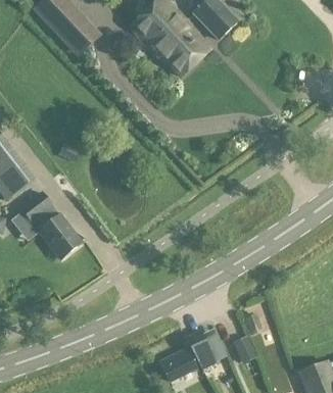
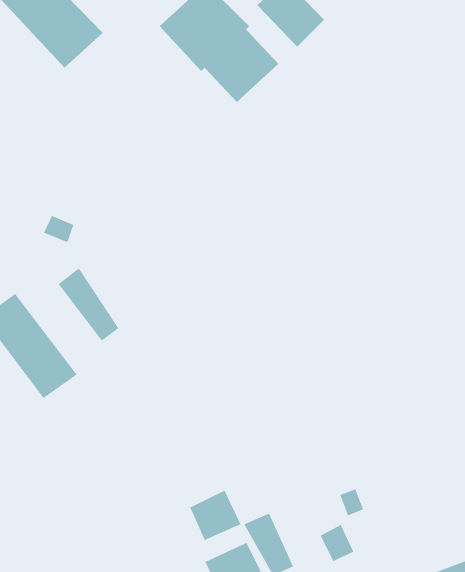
building: none -> [58,267,119,342]
building: none -> [189,490,241,541]

